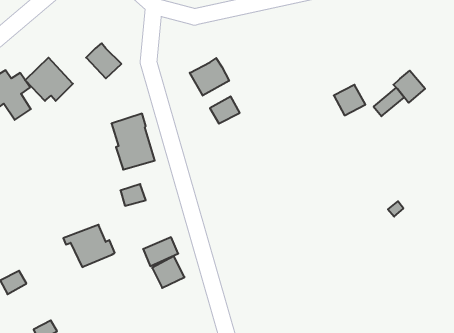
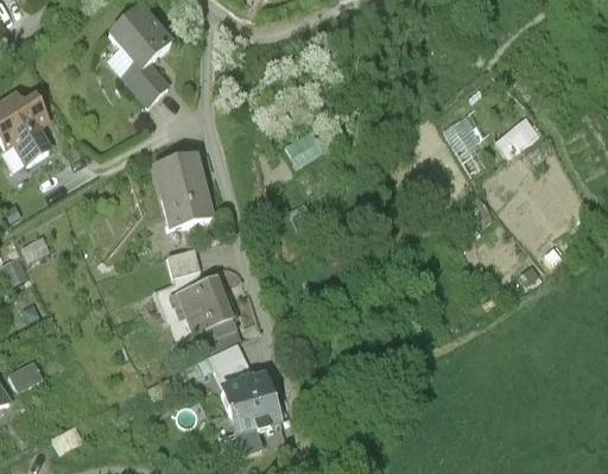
building: [25,58,73,101] -> [107,8,170,65]
building: [190,58,229,96] -> none
building: [393,71,425,103] -> none
building: [63,225,115,267] -> [169,274,236,330]
building: none -> [221,374,278,434]

